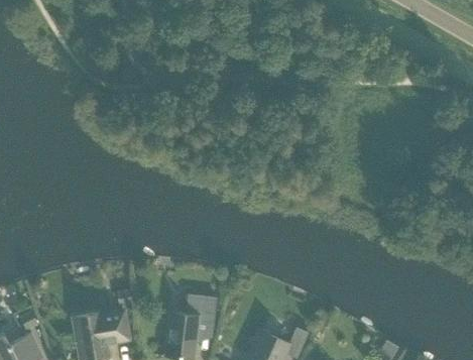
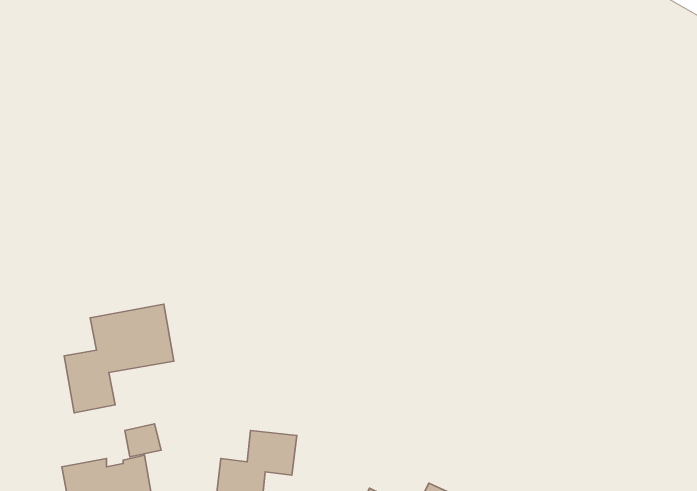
building: none -> [64,304,174,413]

